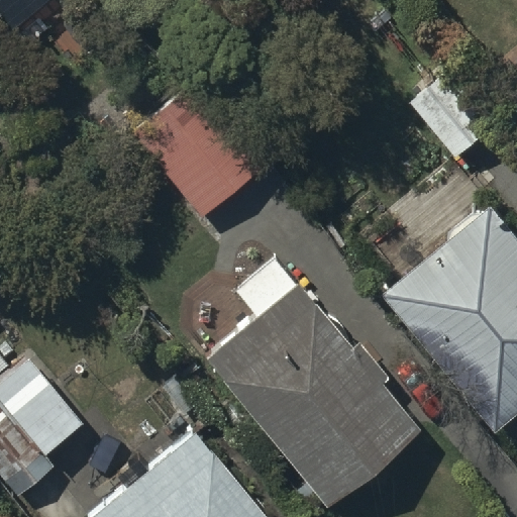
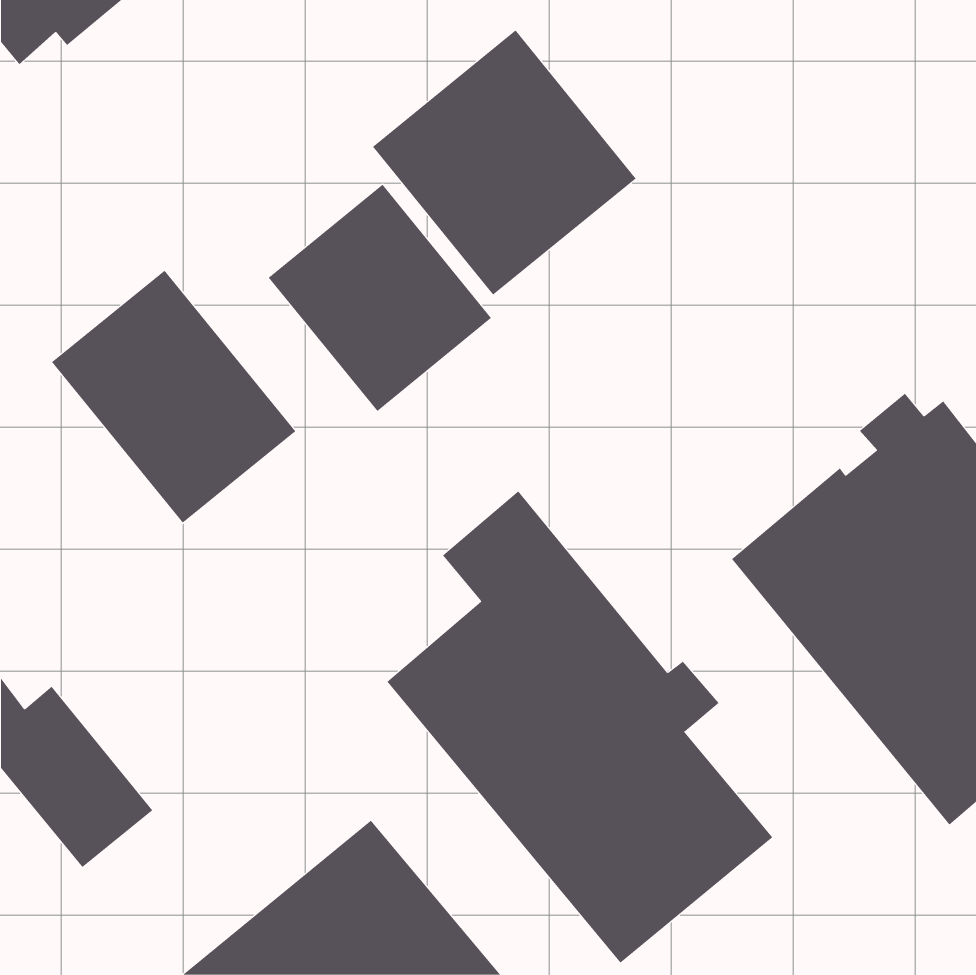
building: none -> [372,30,636,296]
building: none -> [51,270,296,524]

